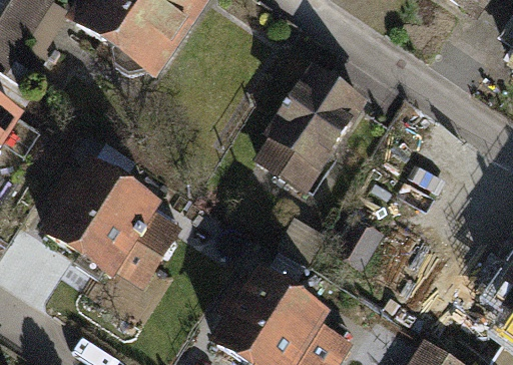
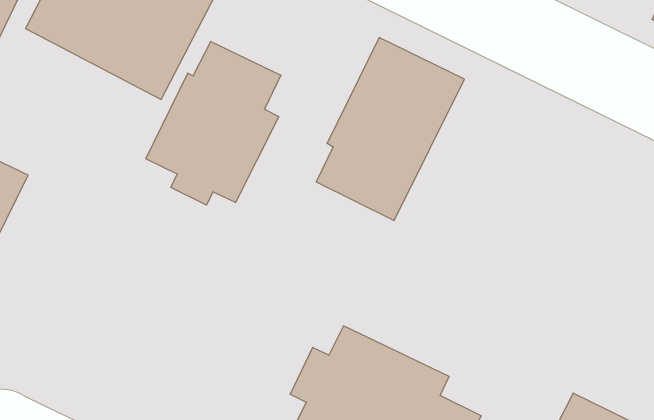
building: none -> [146,41,281,205]
building: [42,157,181,286] -> none

